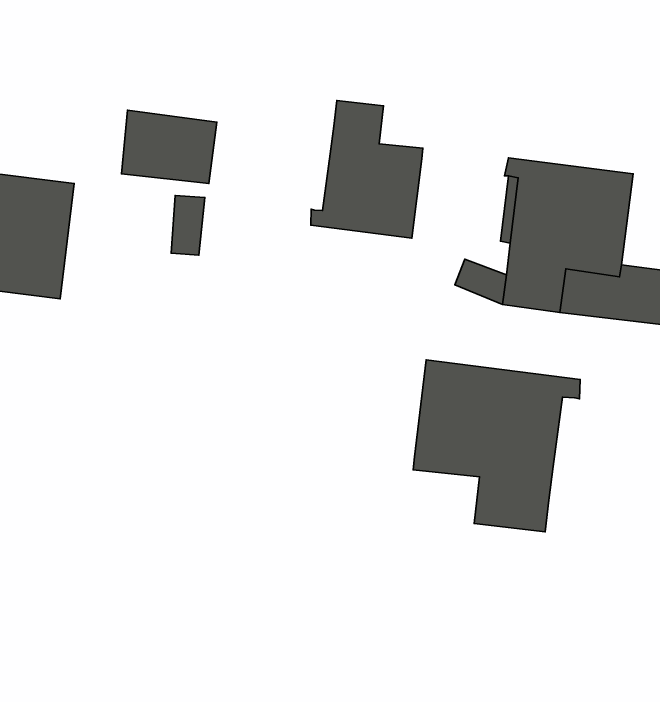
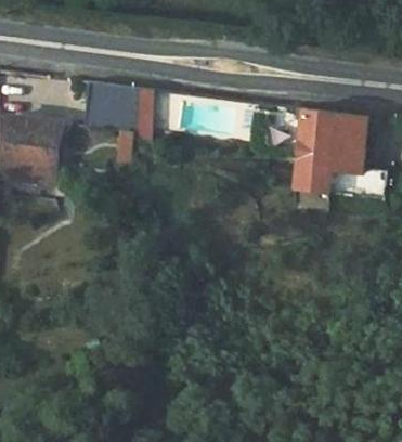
building: [311,100,423,238] -> none
building: [413,360,580,532] -> none

